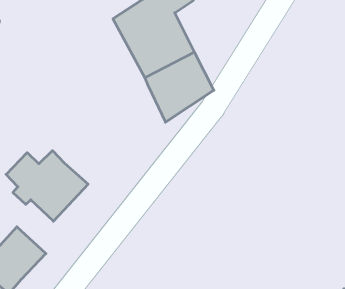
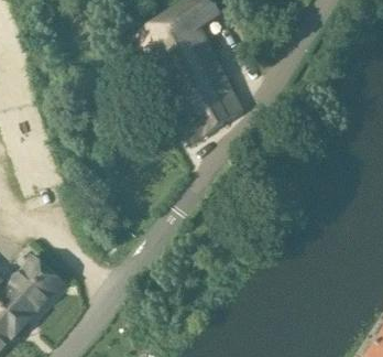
building: [6,151,88,221] -> none

